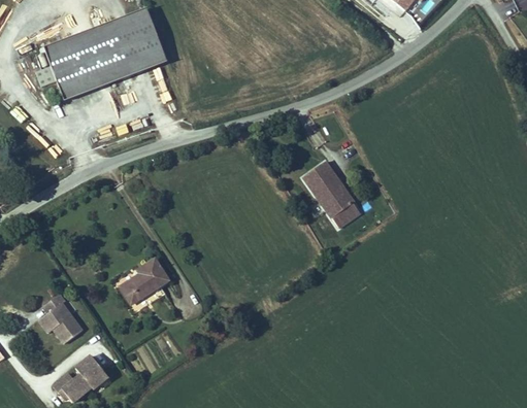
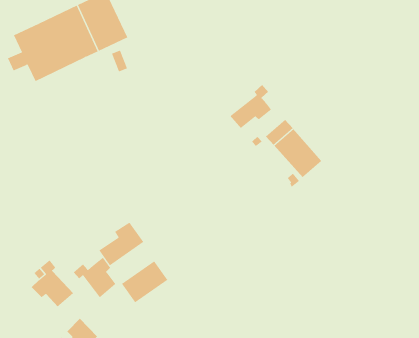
building: none -> [230,84,272,129]
building: none -> [73,257,116,298]
building: none -> [121,261,168,303]

